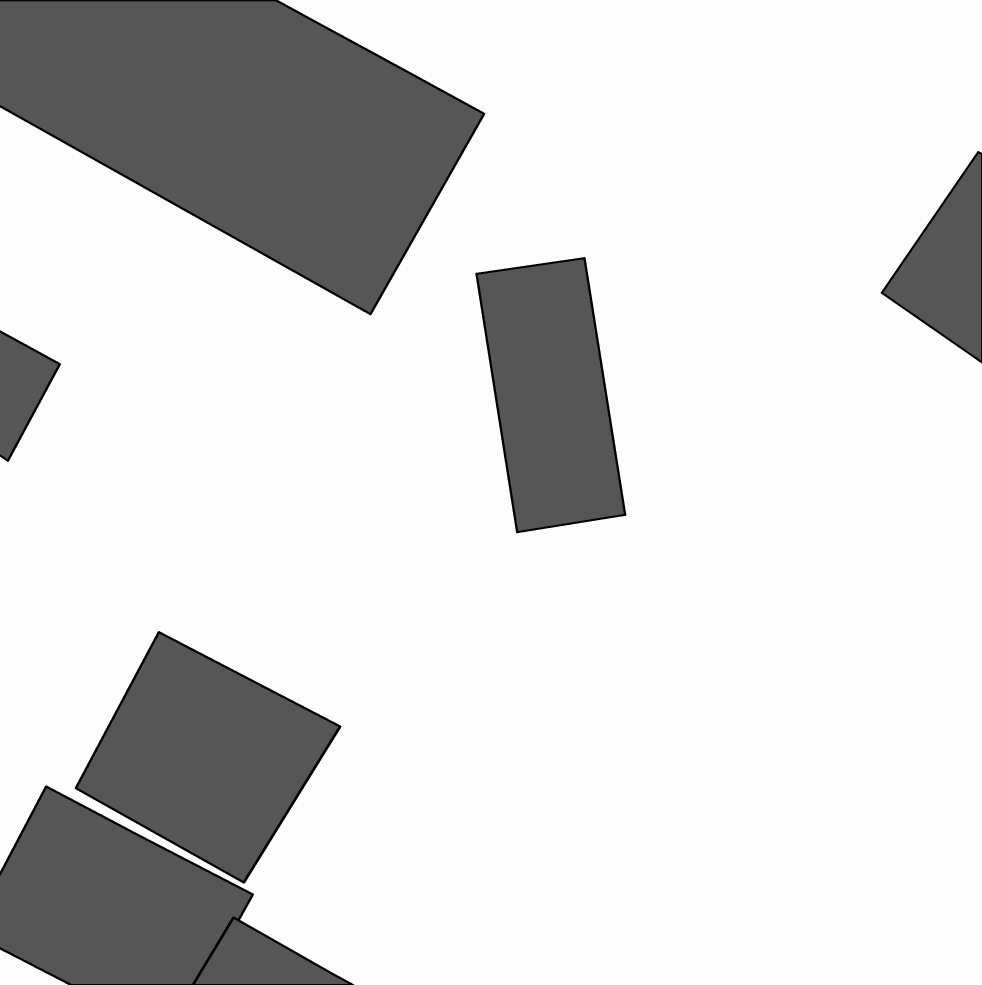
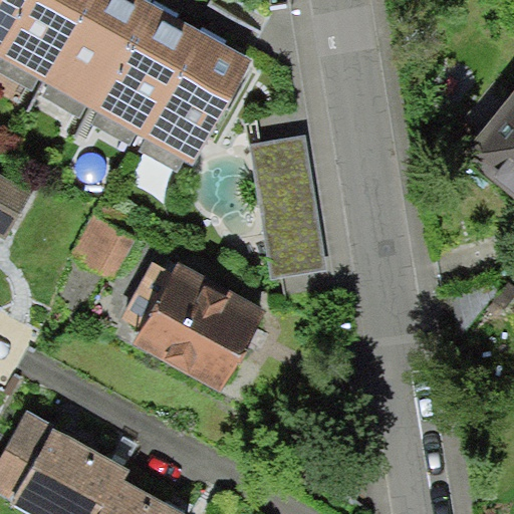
building: [76,632,340,883] -> [132,263,269,394]

